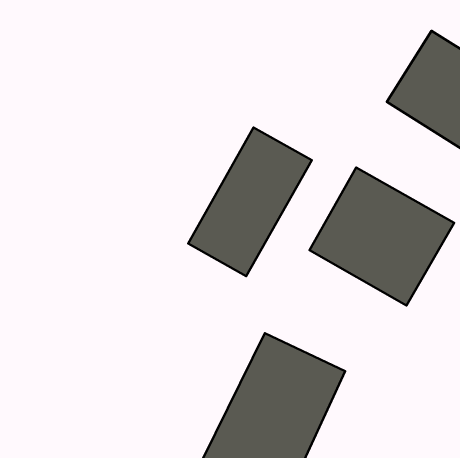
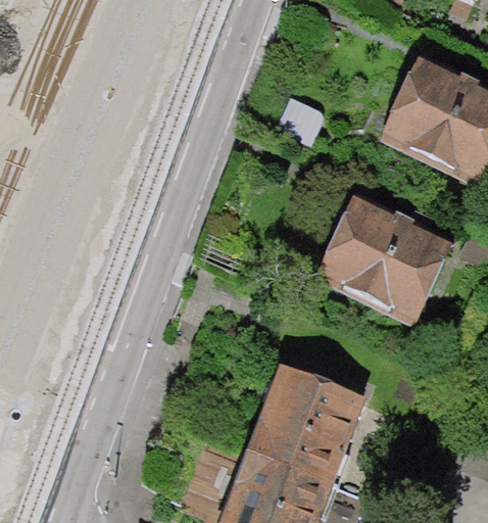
building: [188,127,312,276] -> none

